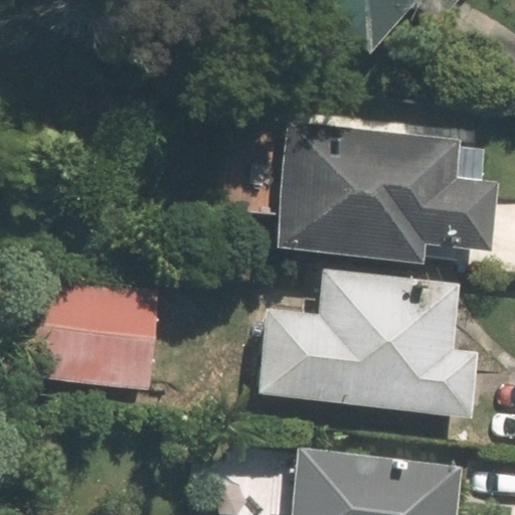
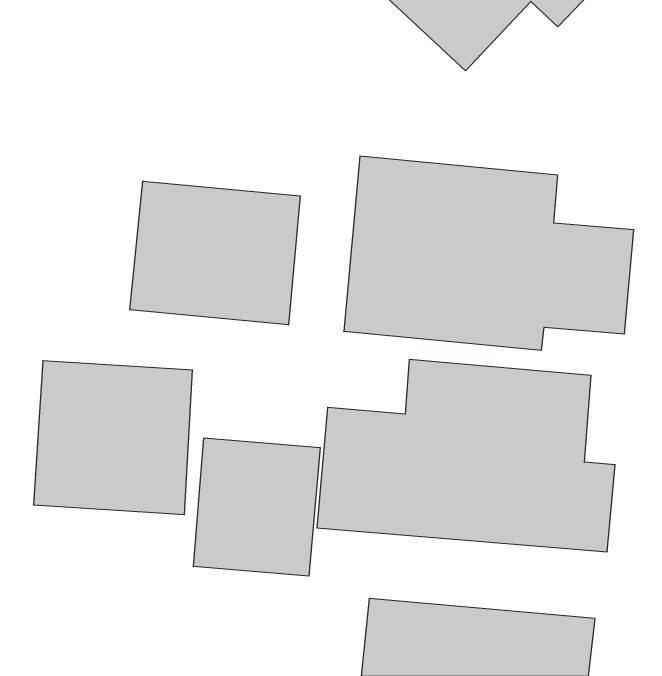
building: none -> [130,181,300,325]
building: none -> [193,438,320,576]

